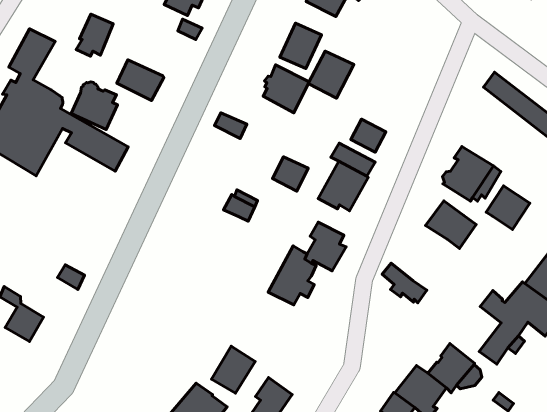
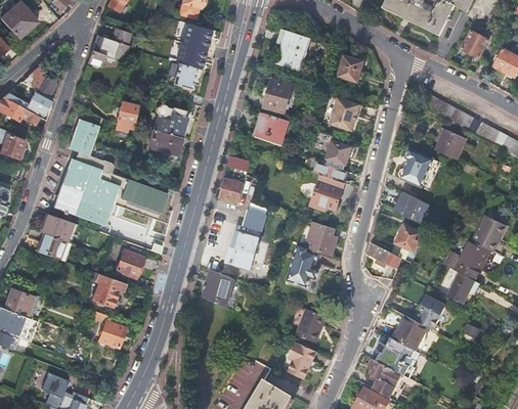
building: none -> [338,56,363,82]
building: [308,51,354,98] -> [330,99,360,132]
building: [71,82,118,130] -> [154,103,186,136]
building: [273,157,308,191] -> [220,180,245,203]
building: [486,186,530,230] -> [435,129,466,160]
building: none -> [115,249,158,278]
building: none -> [226,232,259,269]
building: none -> [90,272,126,308]
building: none -> [390,226,421,263]
building: none -> [202,270,234,308]
building: [211,346,255,393] -> [296,308,326,342]

